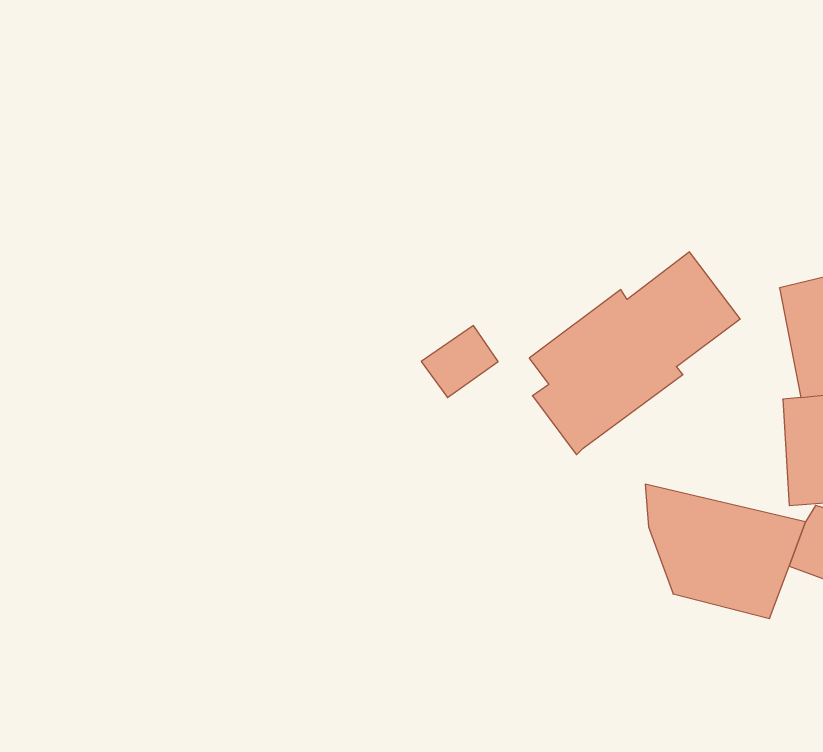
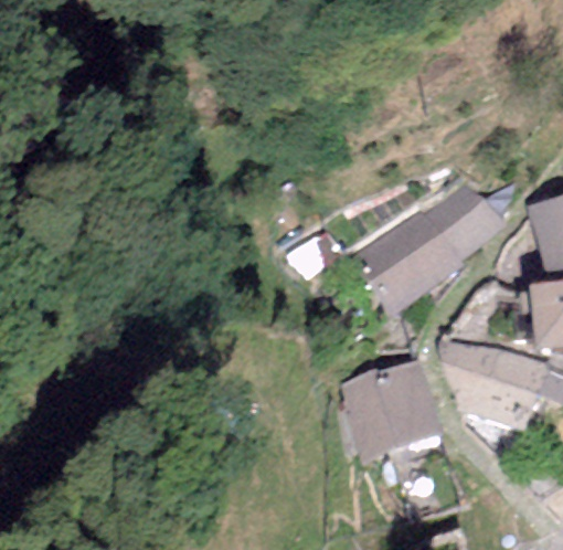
building: none -> [342,360,443,457]

